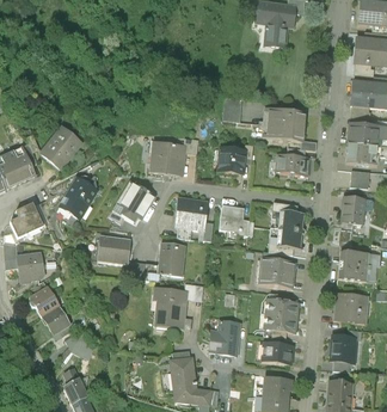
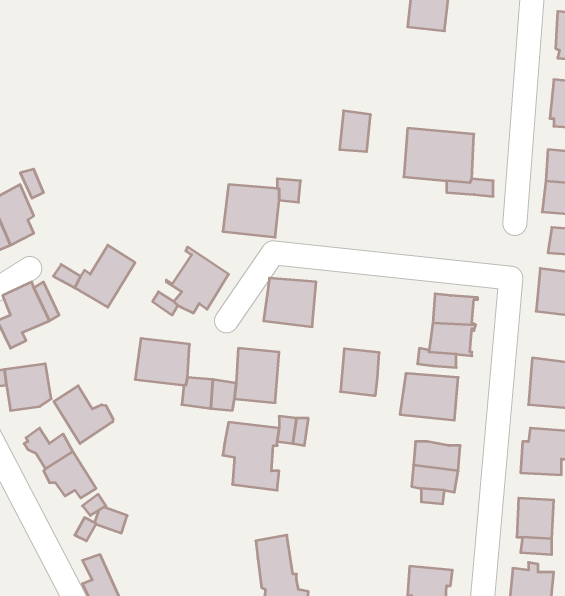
building: [43,127,81,166] -> none
building: [219,148,245,173] -> none
building: [276,153,308,174] -> none
building: [221,203,245,232] -> [340,349,379,395]
building: none -> [54,386,113,444]
building: [209,321,240,355] -> none
building: [262,343,293,363] -> none

